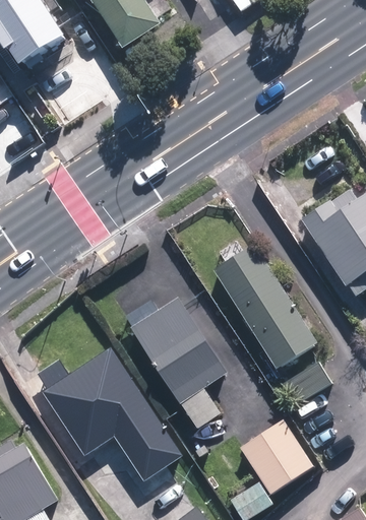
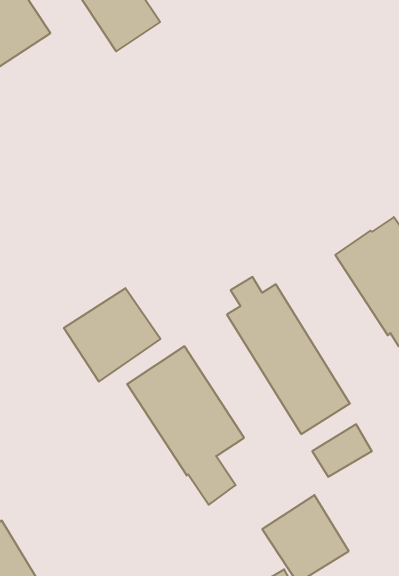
building: none -> [64,288,160,382]
building: [43,347,184,482] -> none

